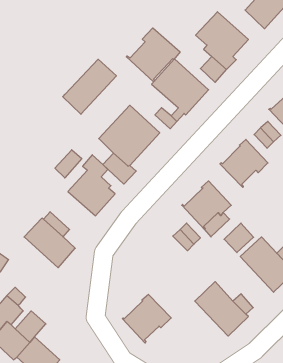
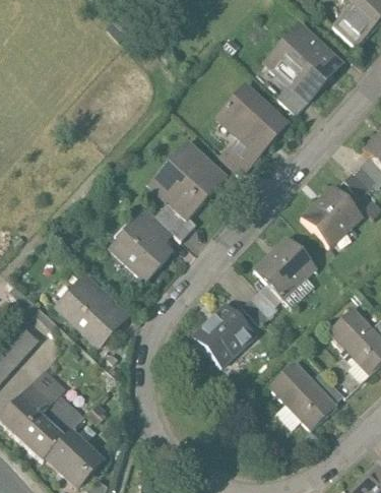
building: [126,28,180,82] -> none
building: [63,59,116,114] -> none
building: [55,150,82,178] -> none
building: [224,223,254,253] -> none
building: [122,294,171,343] -> [193,304,254,365]

